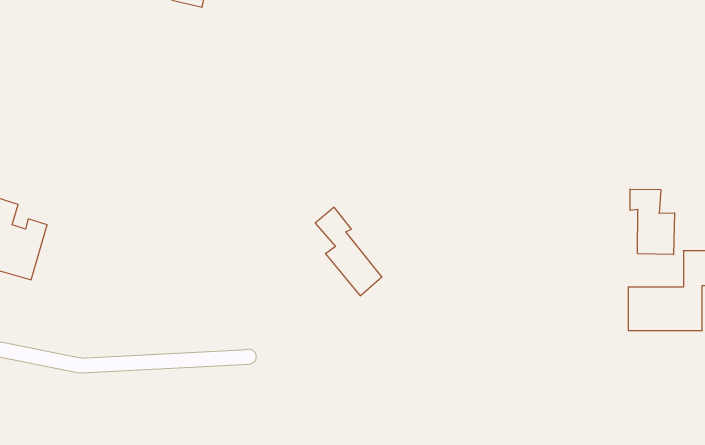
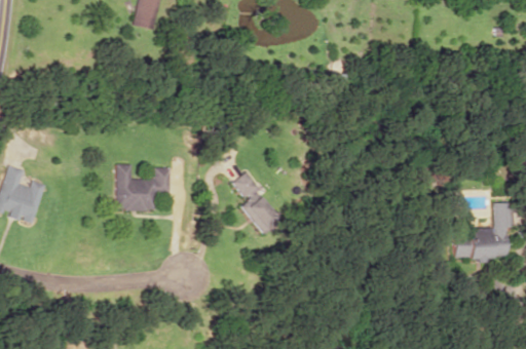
building: [630,189,675,255] -> none
building: none -> [116,164,172,209]

